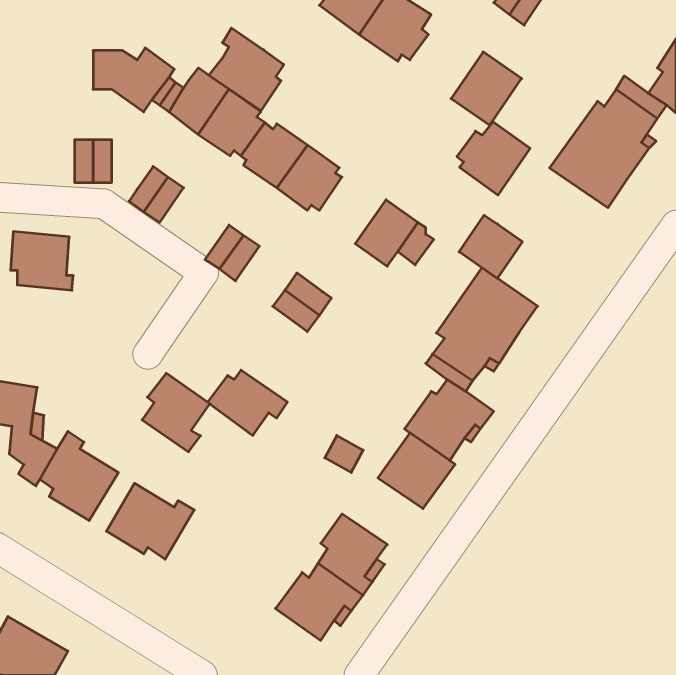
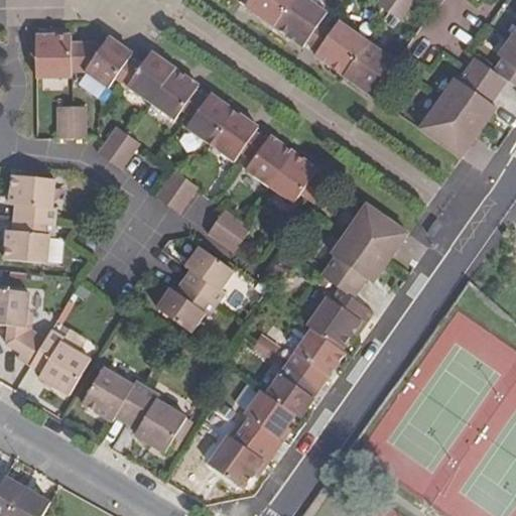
building: [209,28,284,111] -> none
building: none -> [35,34,71,77]
building: [457,122,530,195] -> [310,19,366,75]
building: none -> [242,134,292,184]
building: [459,215,522,278] -> none
building: none -> [5,216,54,263]
building: [142,373,210,452] -> [182,245,234,304]
building: none -> [265,362,320,416]
building: none -> [125,386,183,452]

